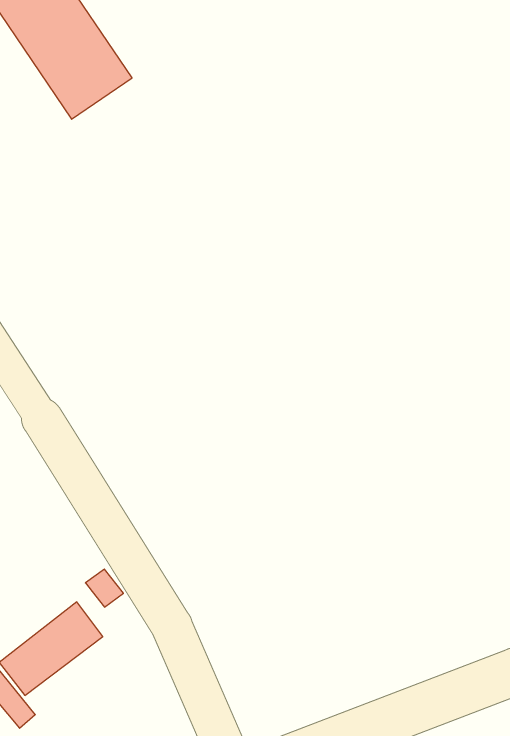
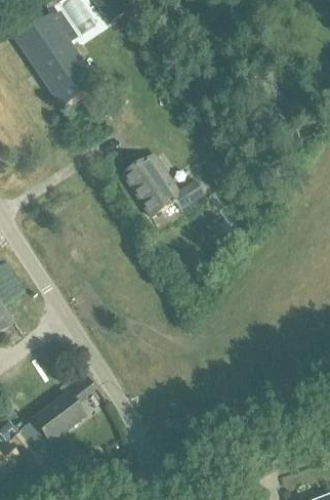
building: none -> [127,155,205,214]

